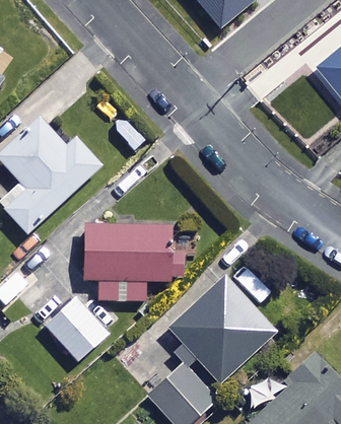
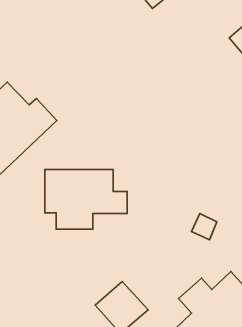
building: [168,275,276,382] -> none
building: [44,296,107,360] -> none

